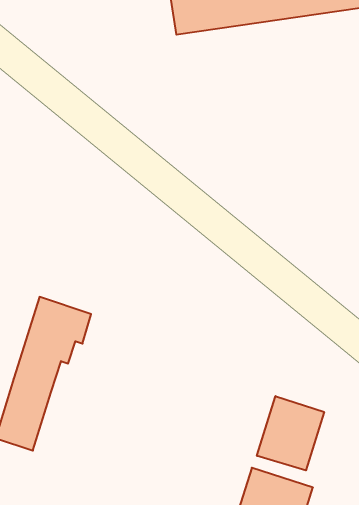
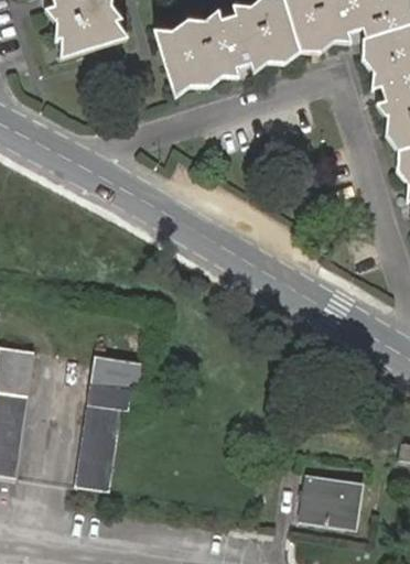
building: [257,396,324,470] -> none

